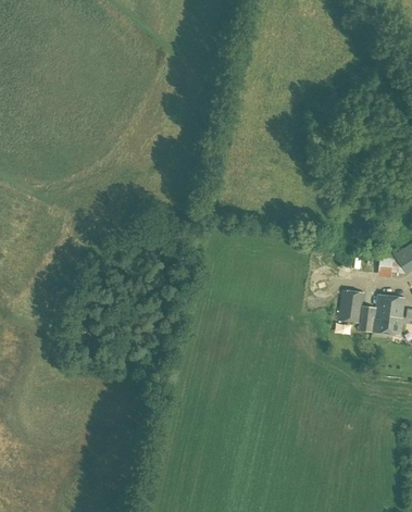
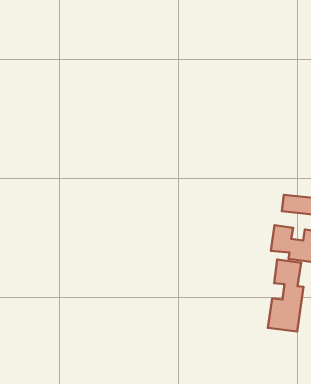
building: none -> [268,260,303,331]

